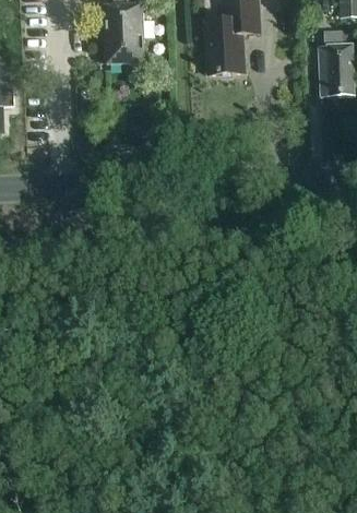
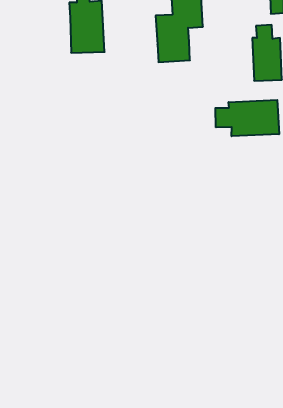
building: none -> [215,100,279,136]

